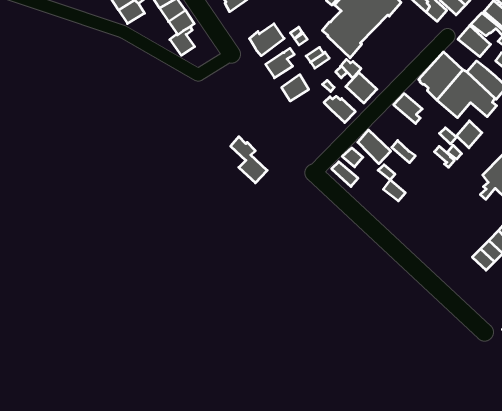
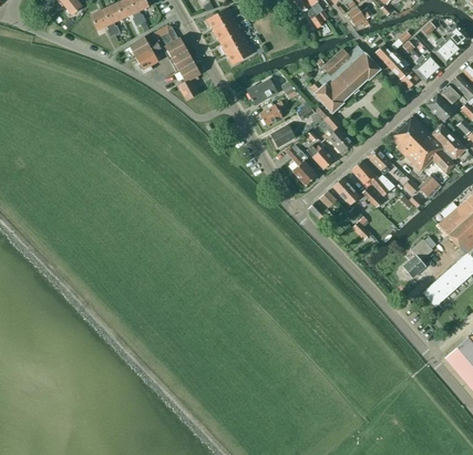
building: none -> [351,159,394,195]
building: [231,137,267,183] -> [287,144,317,185]
building: none -> [403,236,436,277]

